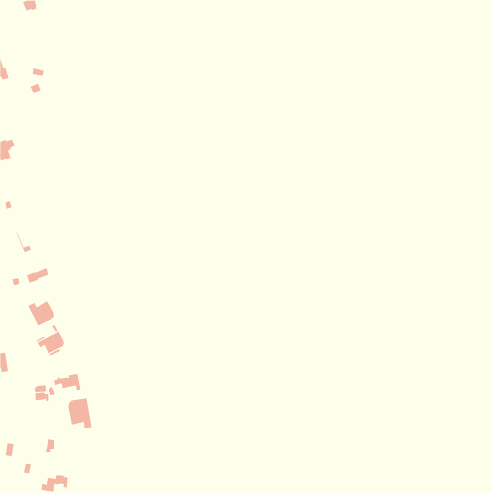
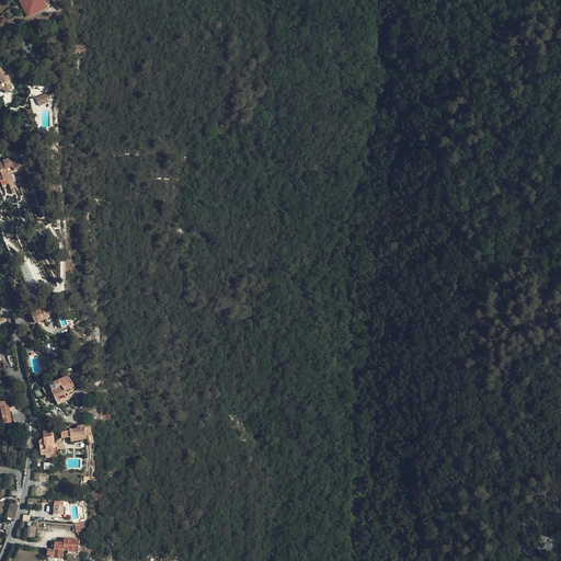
building: [27,300,54,326] -> none
building: [68,397,92,430] -> none

